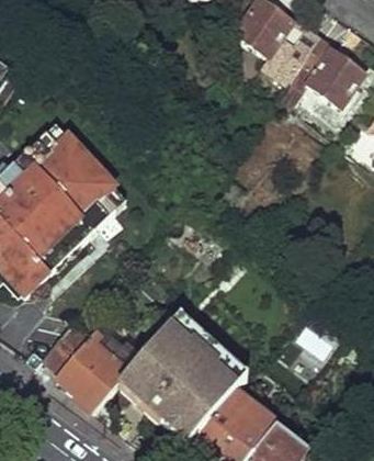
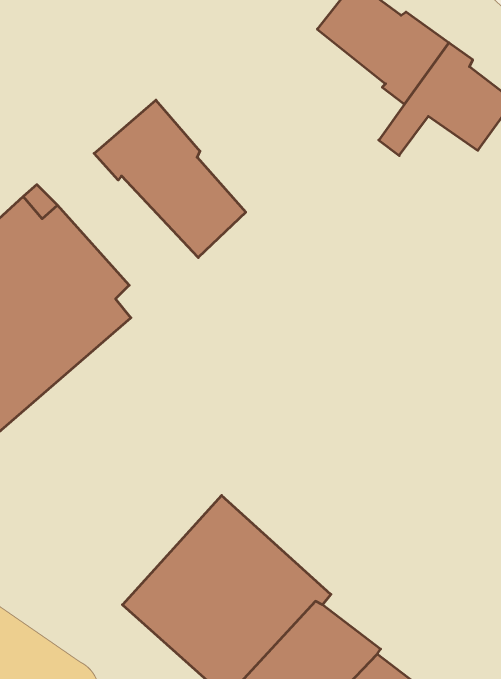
building: none -> [94,100,246,258]
building: [45,323,135,413] -> none

